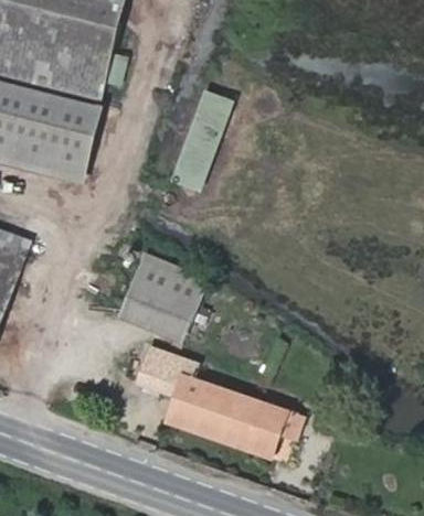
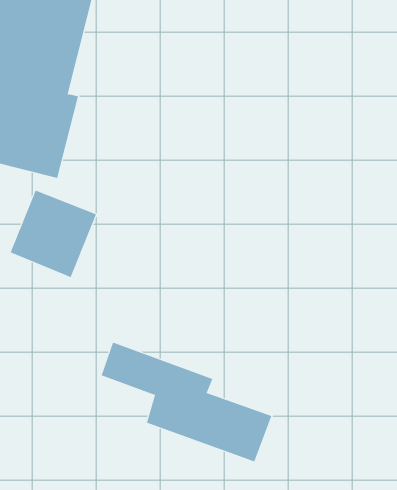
building: [170,94,232,192] -> none
building: [120,257,203,341] -> [10,190,97,278]

